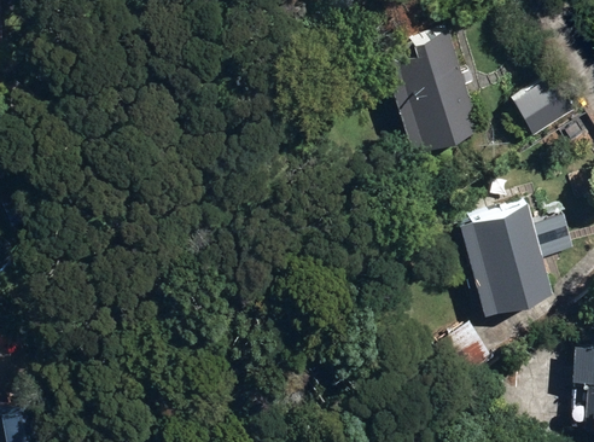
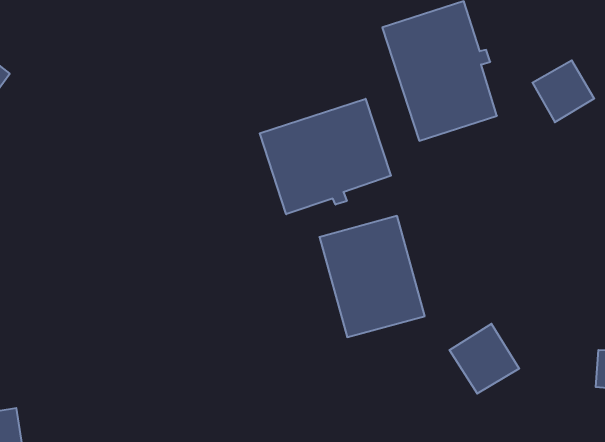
building: none -> [260,99,391,214]
building: [458,207,554,318] -> [319,216,425,337]

